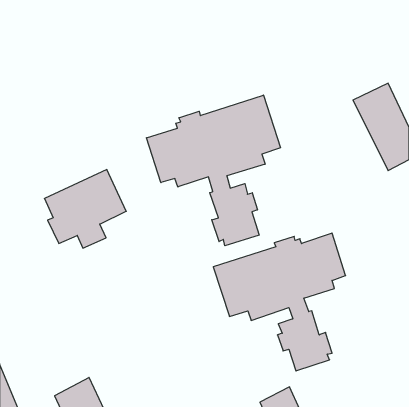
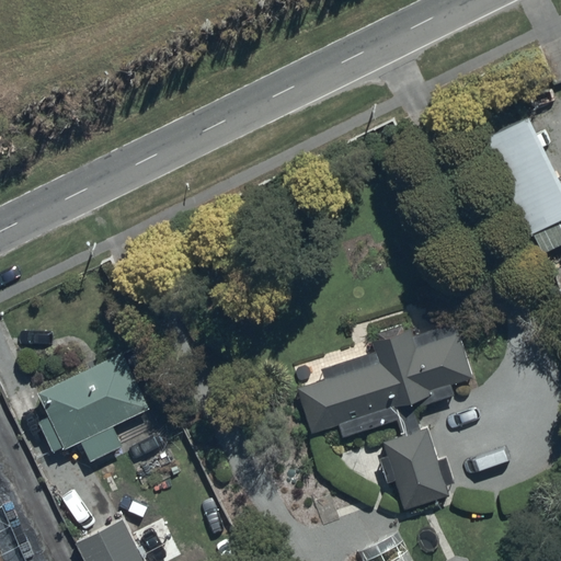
building: [146,95,280,246] -> none
building: [44,170,126,248] -> [36,355,148,462]

